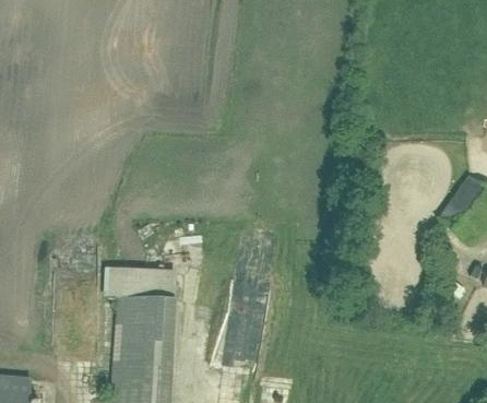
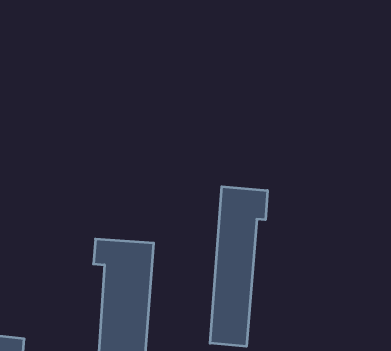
building: none -> [210,187,267,346]

